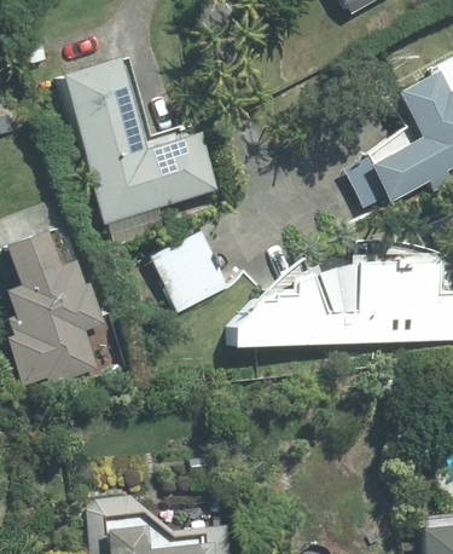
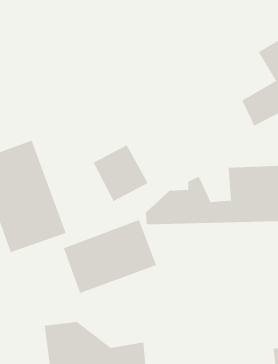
building: [59,56,221,227] -> none
building: none -> [63,219,157,294]

